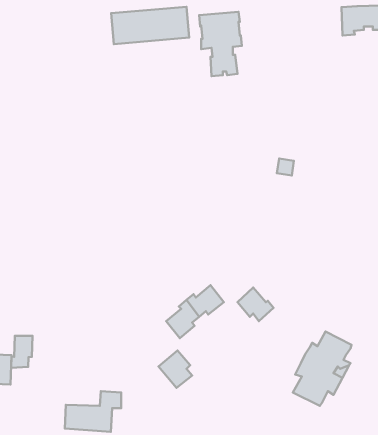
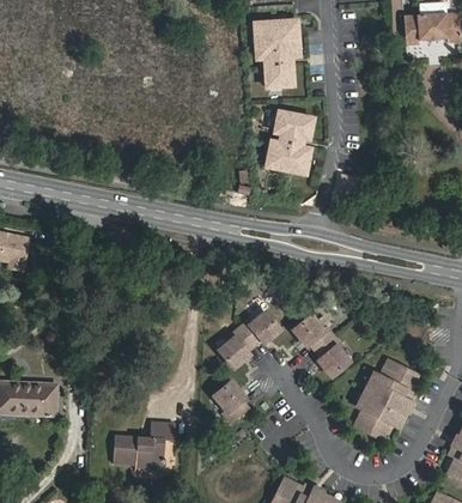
building: [111,7,189,44] -> none
building: none -> [268,111,314,171]
building: none -> [318,334,351,375]
building: [11,336,33,368] -> none

